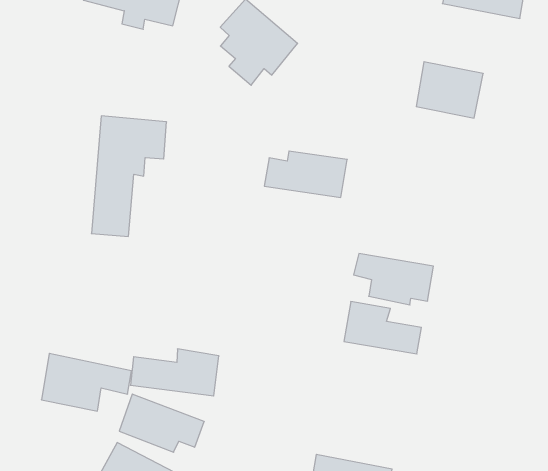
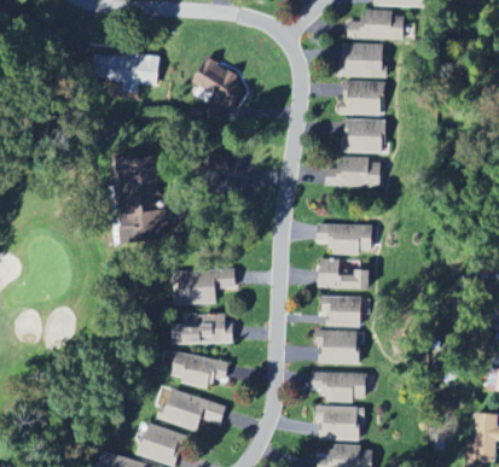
building: none -> [340,42,385,77]
building: none -> [343,118,387,151]
building: [264,151,347,197] -> [326,158,382,187]
building: none -> [321,296,361,326]
building: [41,353,131,411] -> [175,269,236,304]
building: none -> [314,329,359,364]

